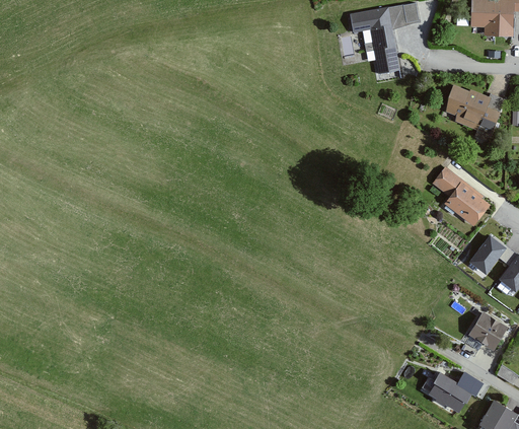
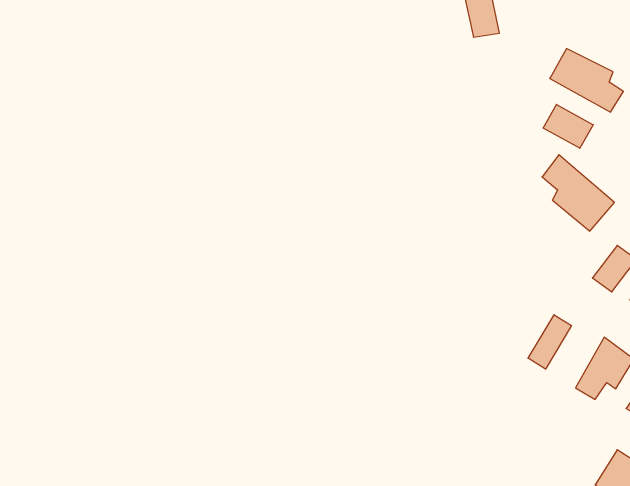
building: none -> [543,104,593,148]
building: none -> [528,315,571,369]
building: [429,372,471,411] -> none

